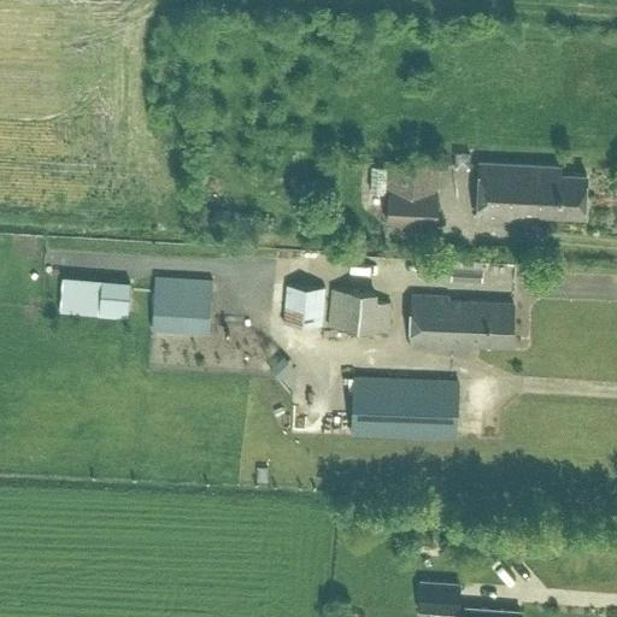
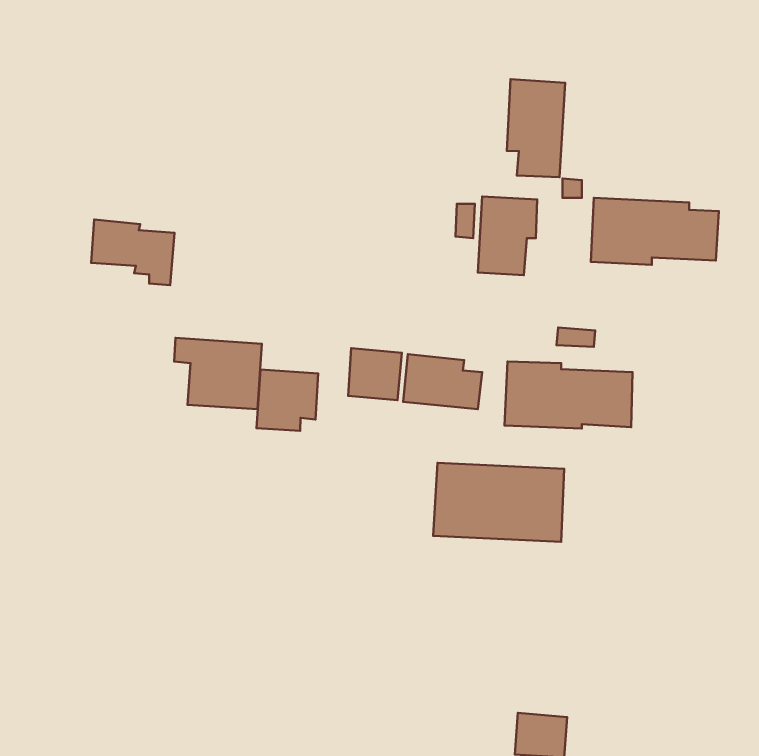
building: none -> [507,79,565,177]
building: [63,274,130,327] -> [91,220,175,285]
building: none -> [256,370,318,431]

